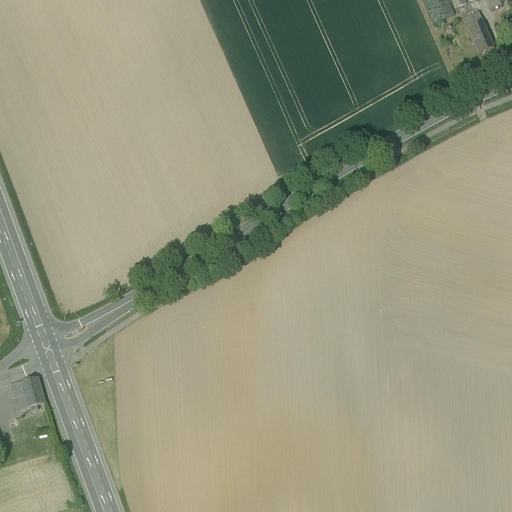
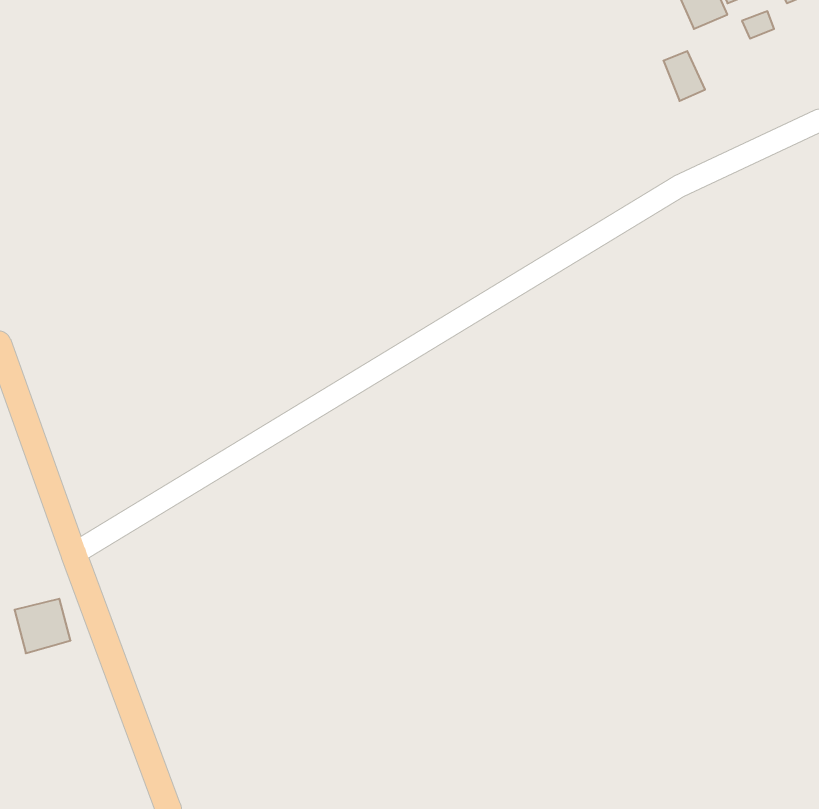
building: [467,18,493,49] -> [663,51,705,101]

